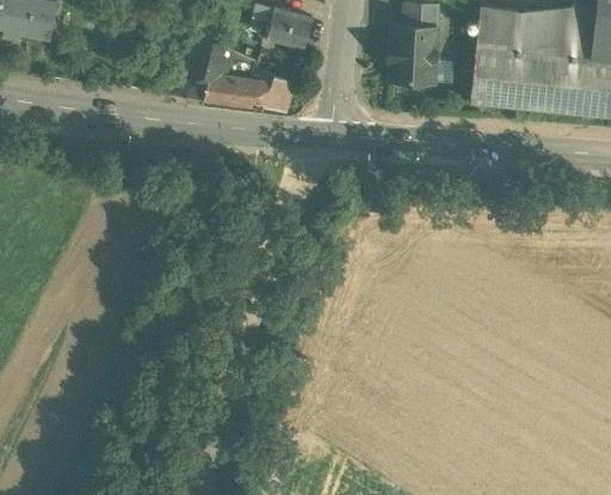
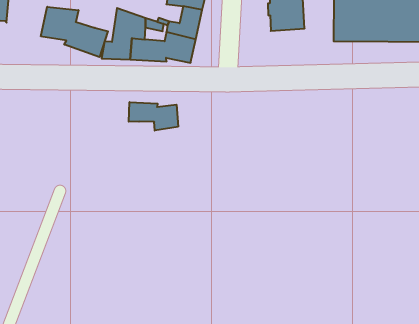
building: none -> [41,7,108,57]
building: none -> [129,102,178,131]

